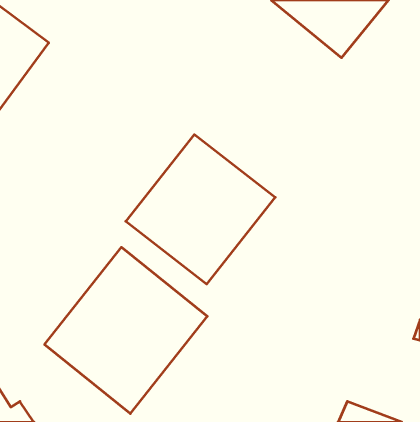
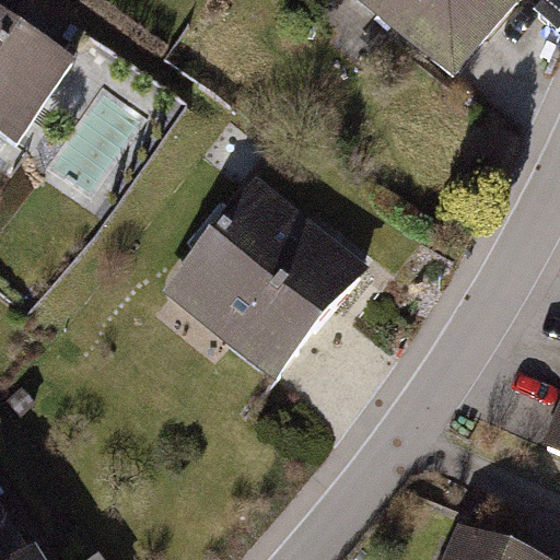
building: [45,247,207,414] -> none

